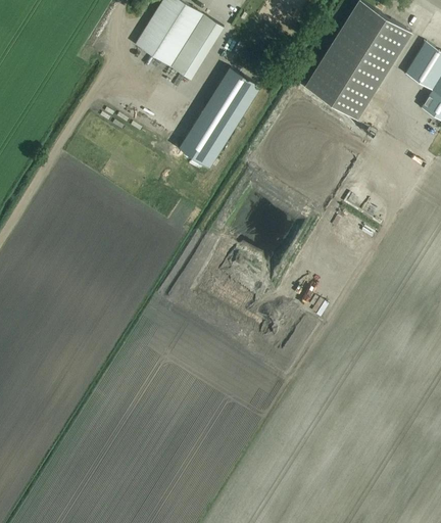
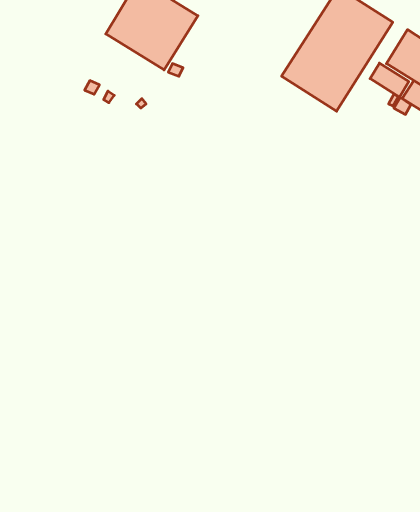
building: [177,66,258,168] -> none
building: none -> [370,63,409,97]

